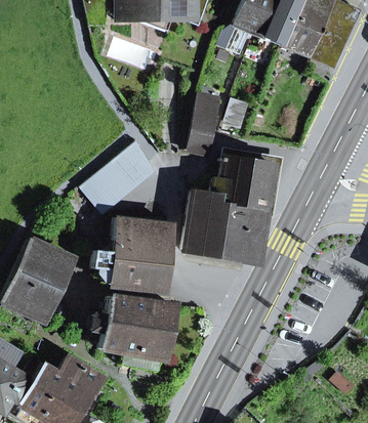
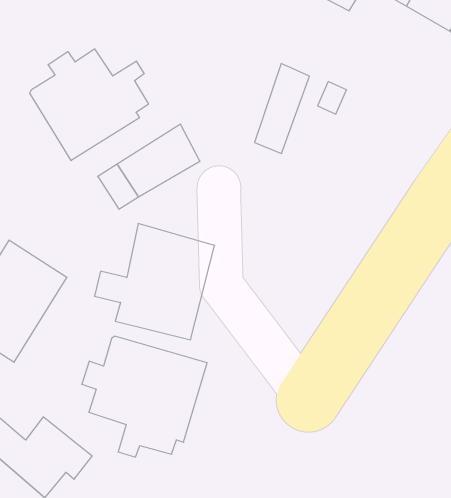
building: none -> [30,49,148,161]
building: [183,156,275,261] -> none

